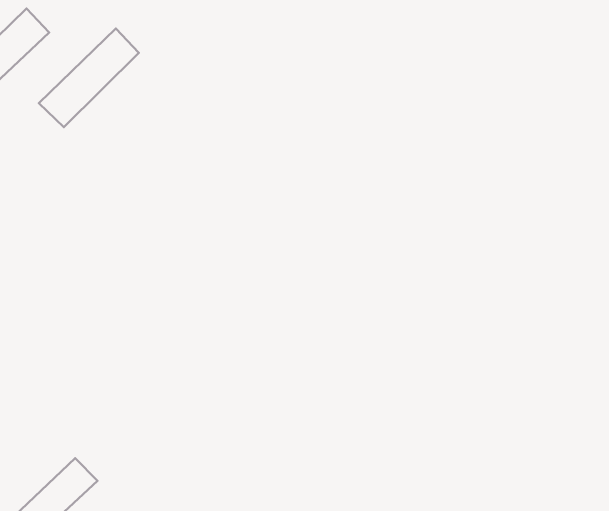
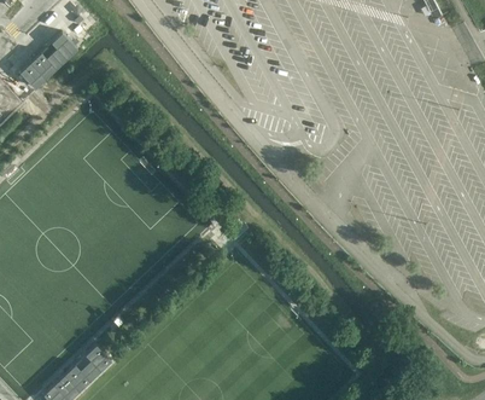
building: [39,28,139,127] -> none

